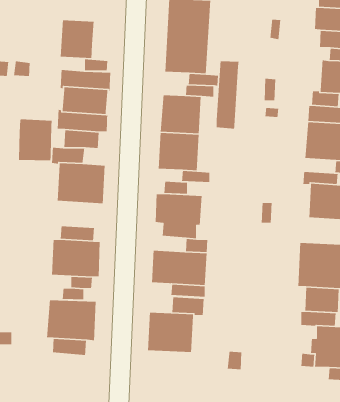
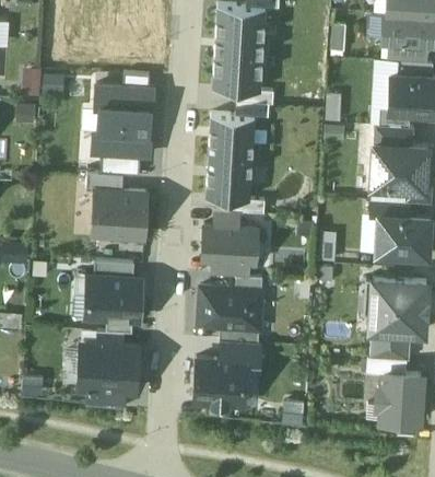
building: [60,20,94,59] -> none
building: [216,61,239,129] -> none
building: [18,119,53,161] -> none

